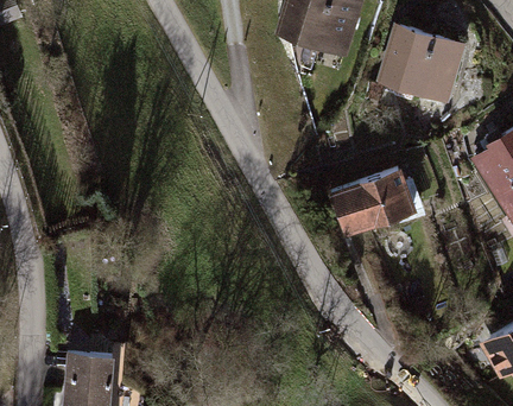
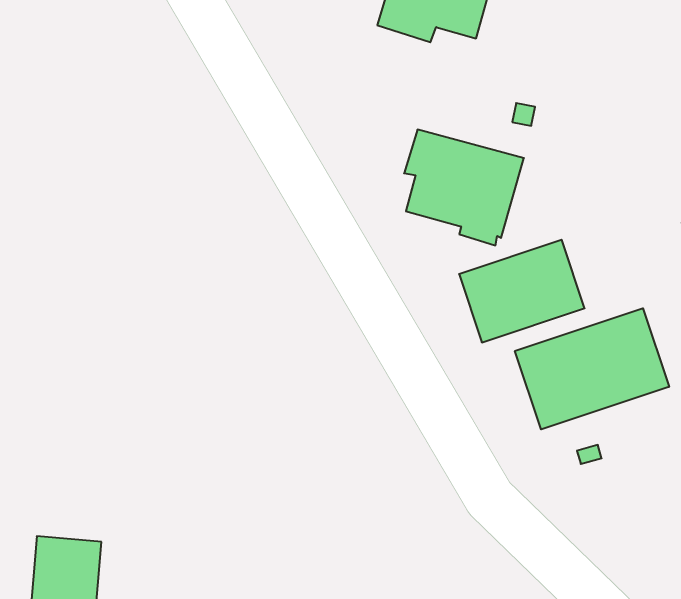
building: [387,28,462,101] -> [404,130,524,245]
building: none -> [515,308,669,429]

